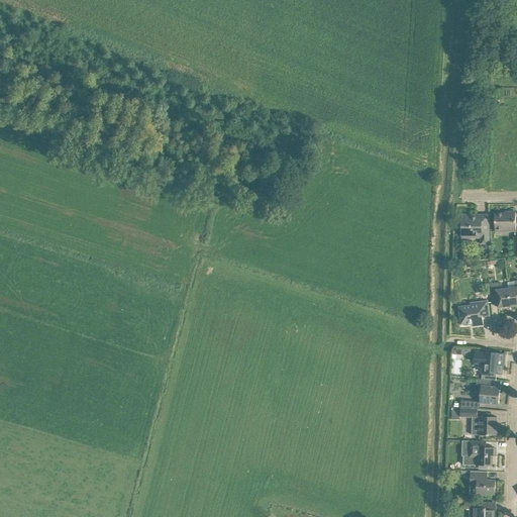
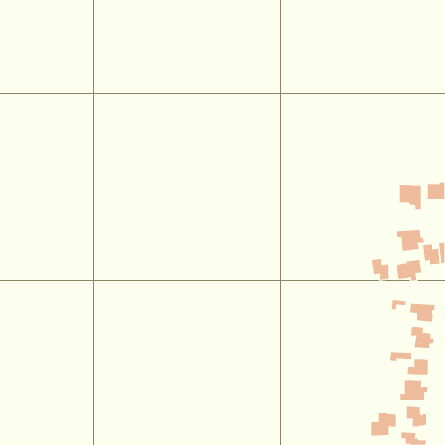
building: none -> [396,229,425,252]
building: none -> [371,258,389,280]
building: none -> [371,412,396,436]

